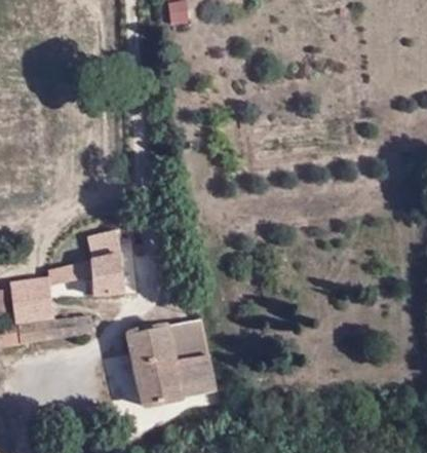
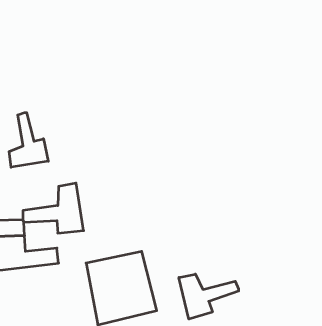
building: none -> [9,113,48,167]
building: none -> [179,274,239,319]

